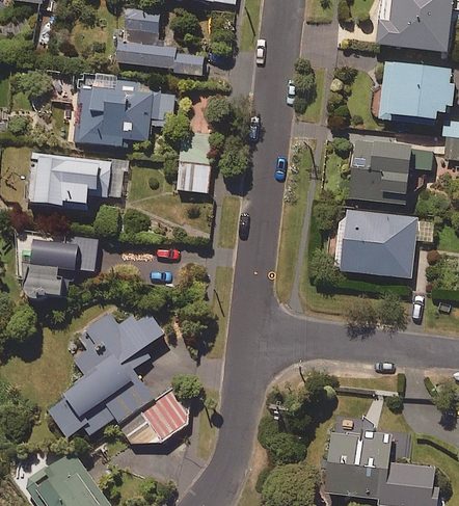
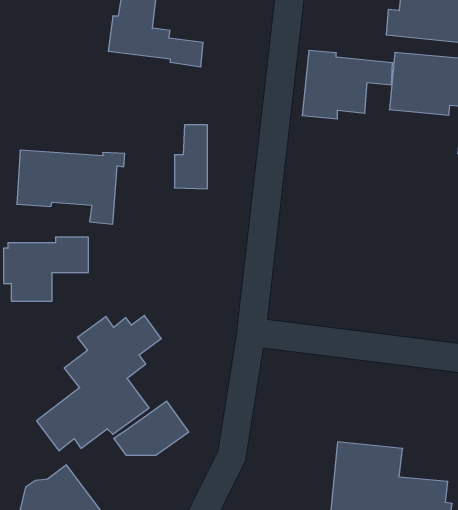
building: [79,87,172,145] -> none
building: [347,137,432,202] -> [302,51,393,119]
building: [336,211,435,277] -> none

